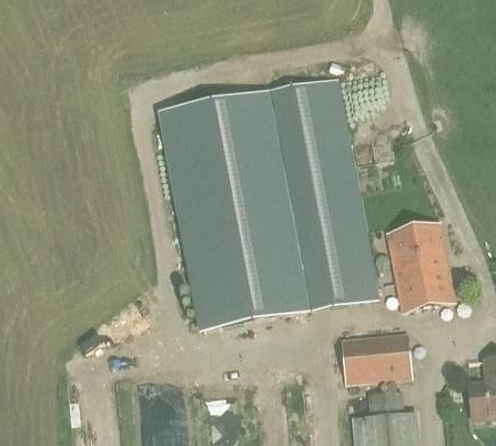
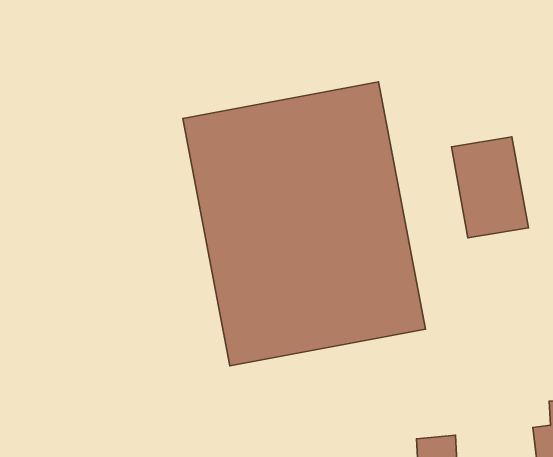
building: [387,221,455,310] -> [451,137,528,238]
building: [341,331,412,383] -> none

